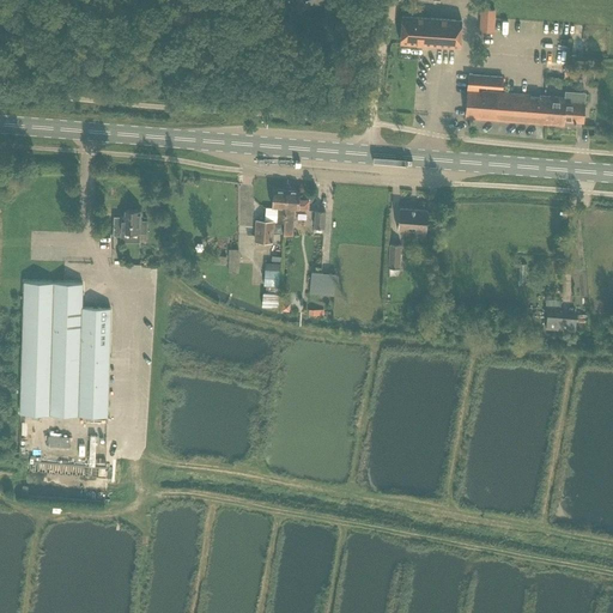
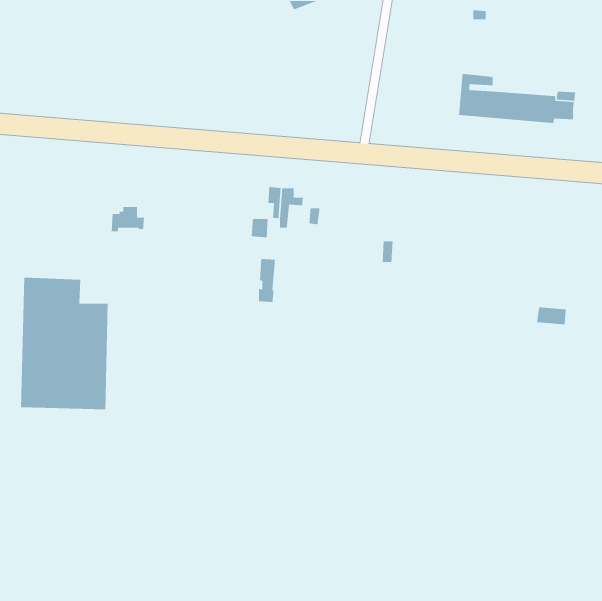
building: [400,18,462,49] -> none
building: [397,210,427,233] -> none
building: [309,273,335,297] -> none

